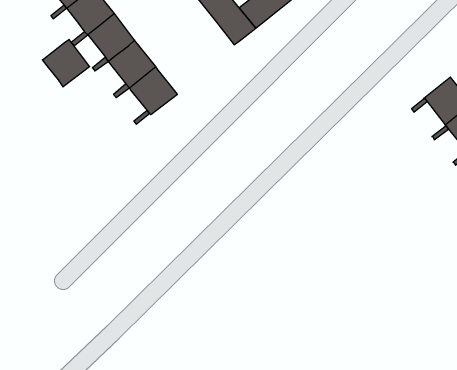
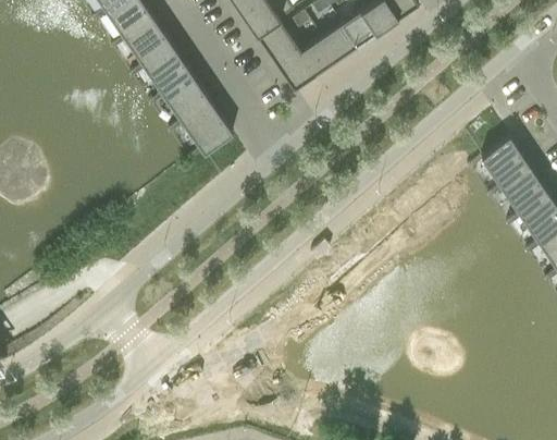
building: [42,39,90,87] -> none

